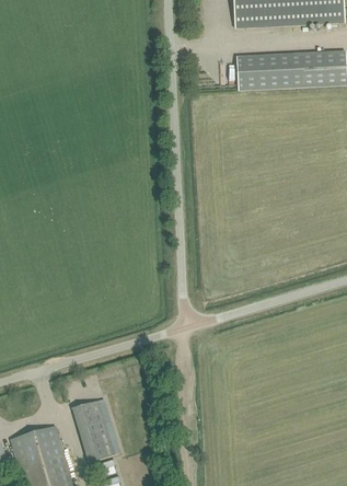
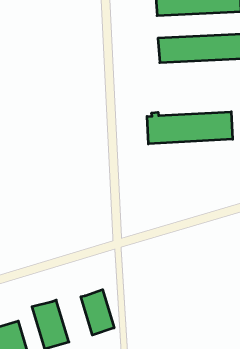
building: none -> [147,112,233,144]
building: none -> [81,290,114,335]

